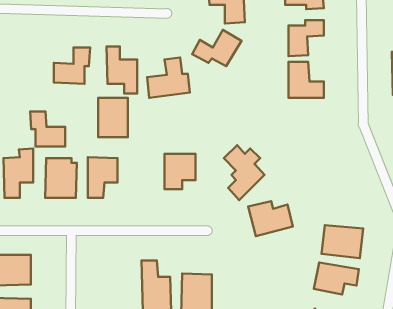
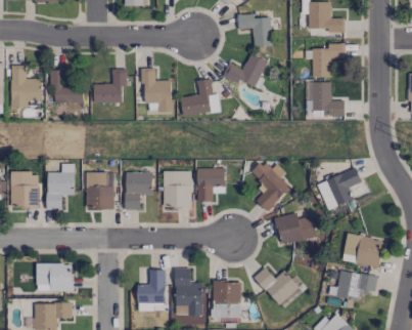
building: [98,98,128,137] -> [164,171,191,208]
building: [30,112,65,147] -> [49,70,82,102]
building: none -> [317,167,362,210]
building: none -> [255,266,300,305]
building: none -> [137,270,166,302]

